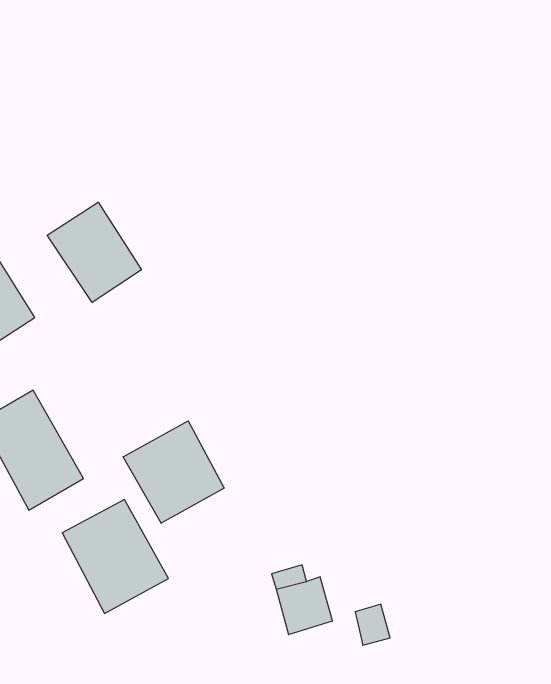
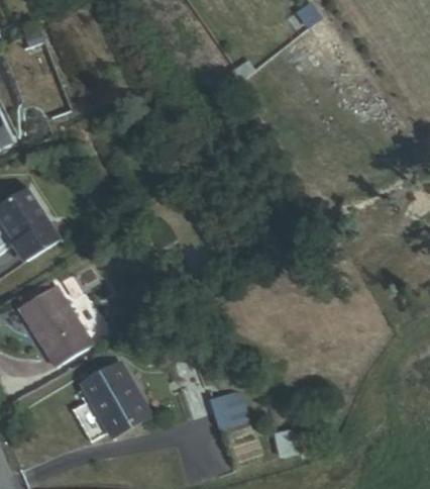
building: [47,202,141,302] -> none
building: [123,421,224,523] -> none

